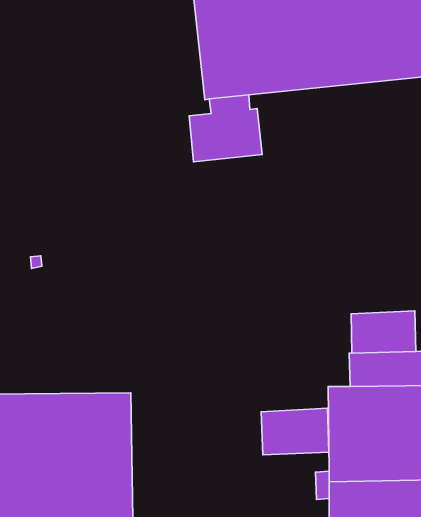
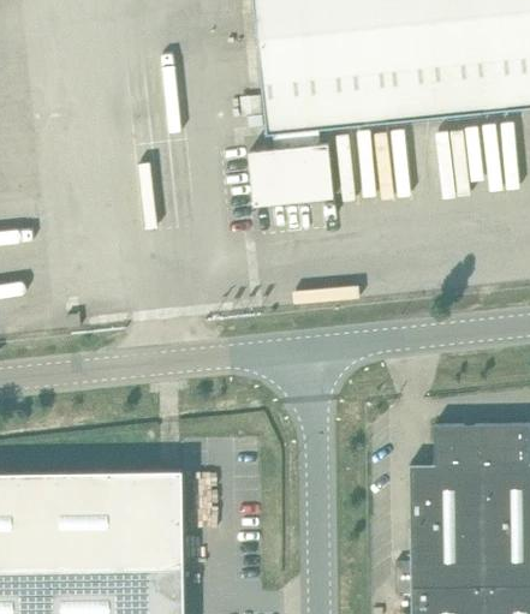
building: [351,311,416,353] -> none
building: [261,408,329,455] -> none

